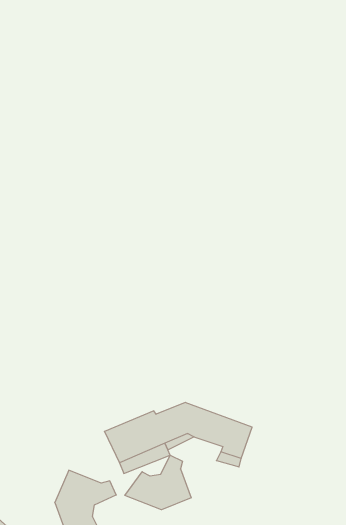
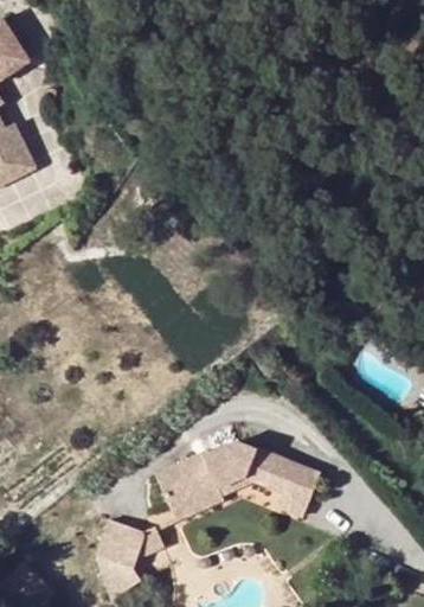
building: [125,455,191,510] -> none

